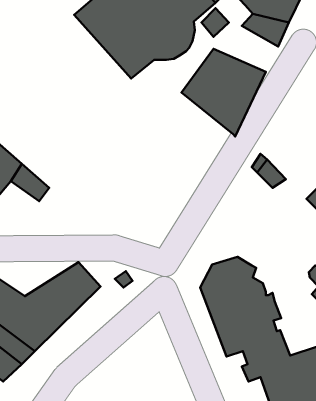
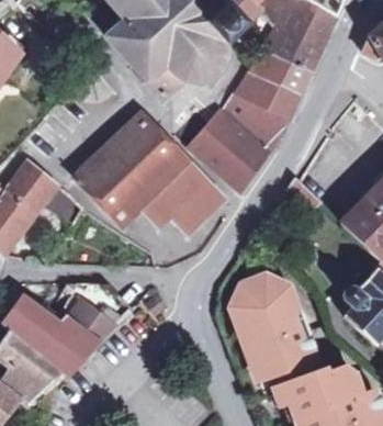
building: none -> [248,43,313,93]
building: none -> [78,114,224,234]
building: none -> [192,114,268,187]

